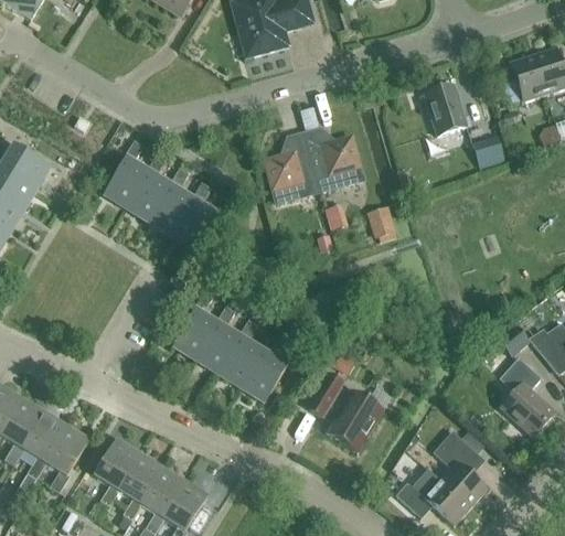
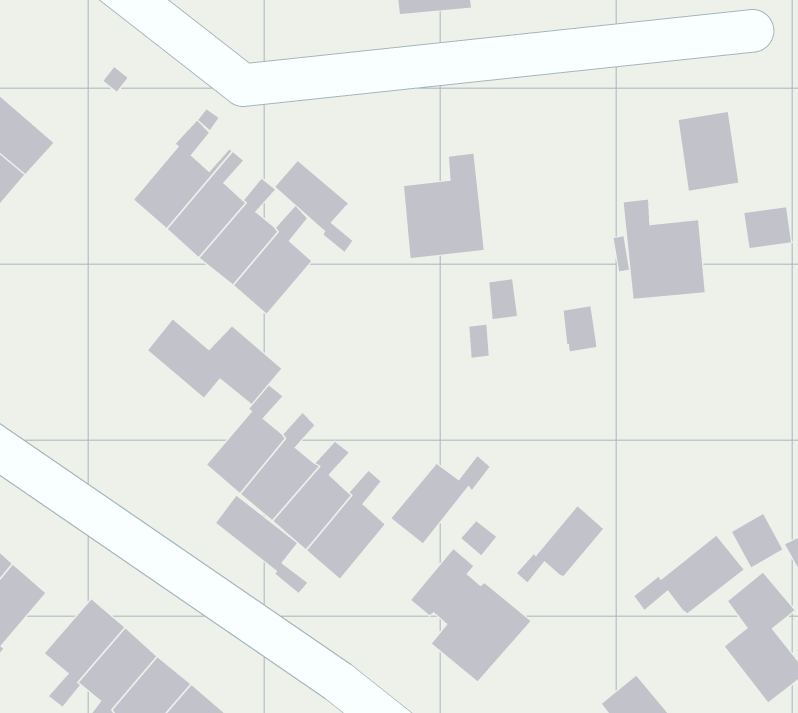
building: [305,128,363,190] -> [623,199,706,299]
building: none -> [274,160,353,253]
building: none -> [147,319,282,405]
building: none -> [390,455,490,544]
building: none -> [516,505,604,583]
building: none -> [633,535,744,614]
building: none -> [215,495,308,594]

